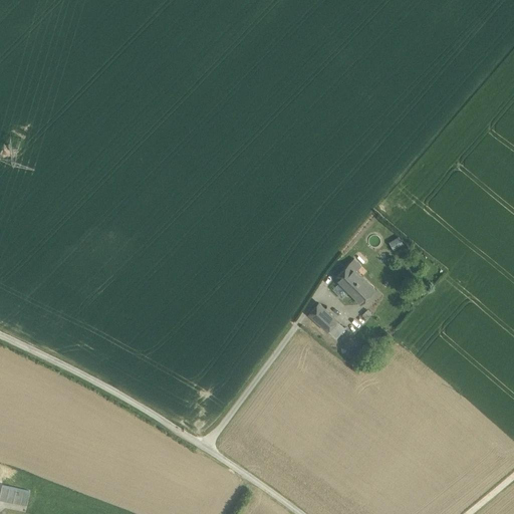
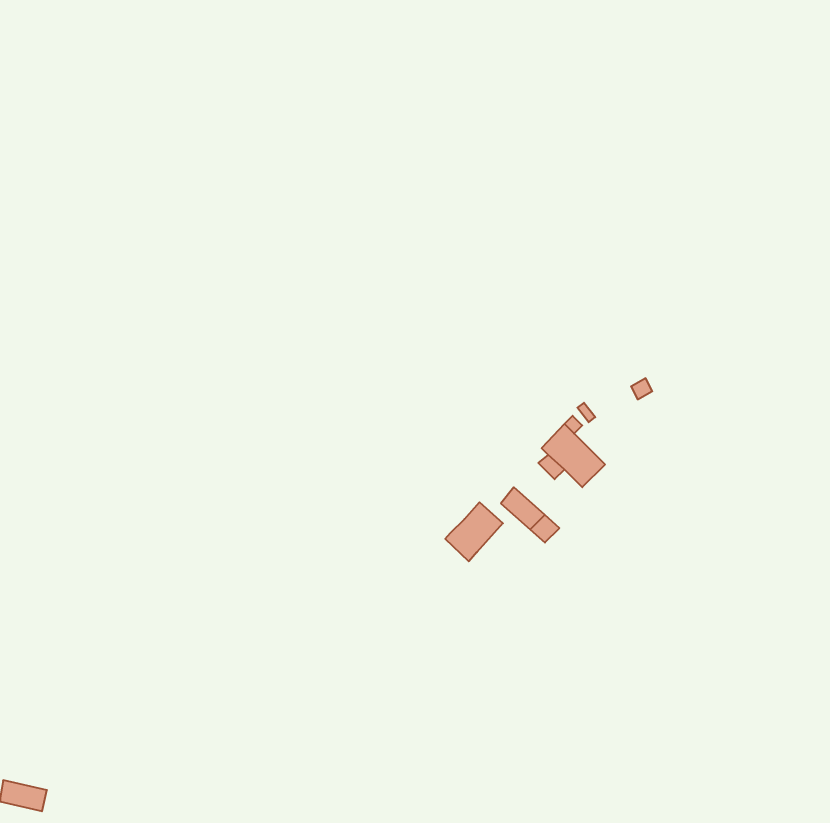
building: none -> [445,502,503,561]

